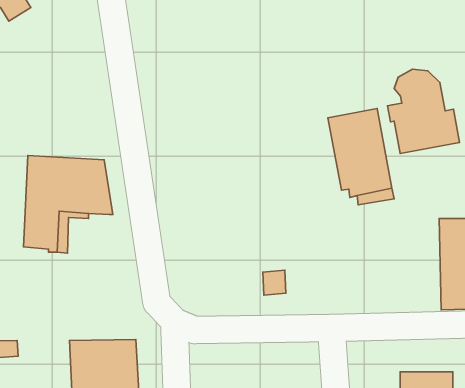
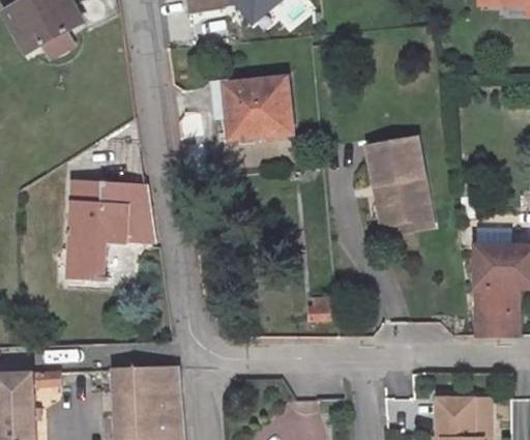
building: none -> [217,80,286,141]
building: [388,69,460,154] -> none

